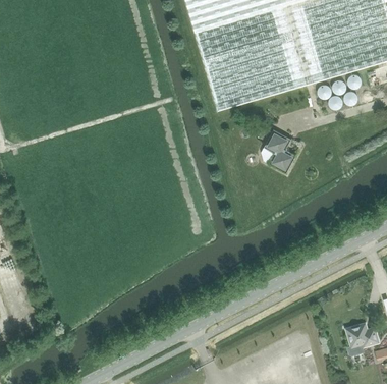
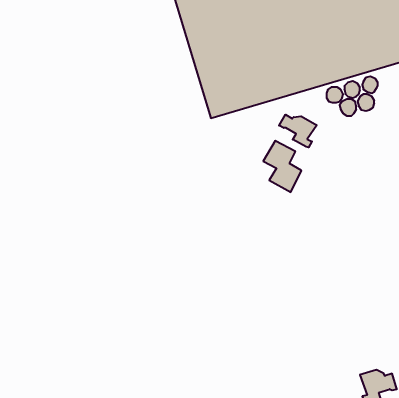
building: none -> [279,115,317,147]

